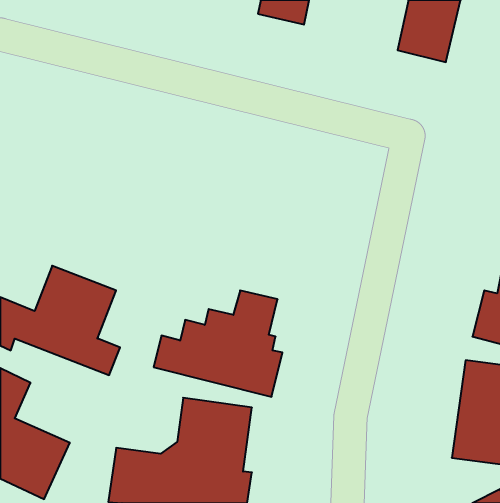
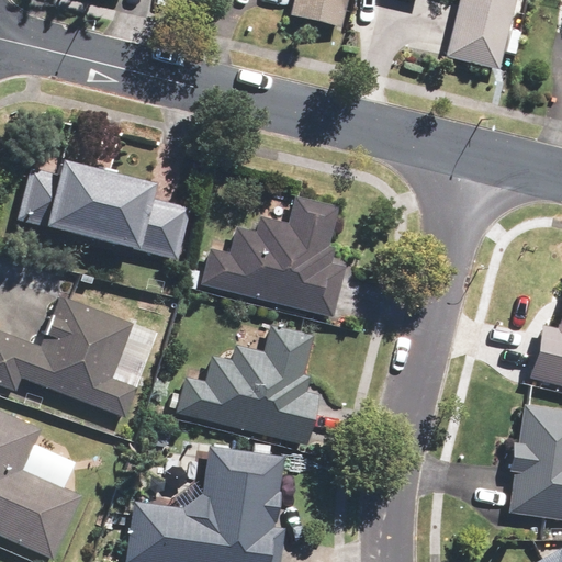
building: none -> [18,159,191,260]
building: none -> [203,198,345,317]

